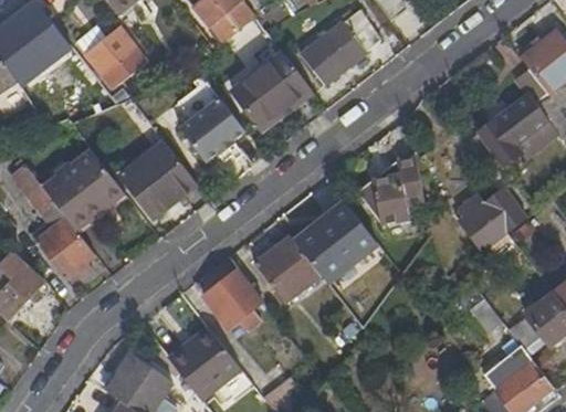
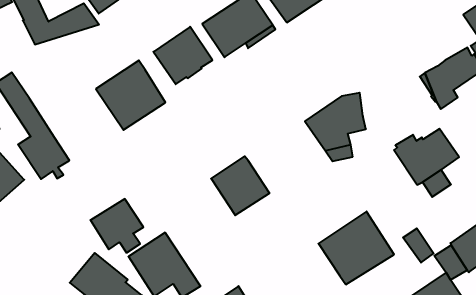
building: [44,152,124,231] -> none
building: [293,200,378,283] -> [318,211,394,284]
building: [202,270,262,329] -> [90,199,143,253]

